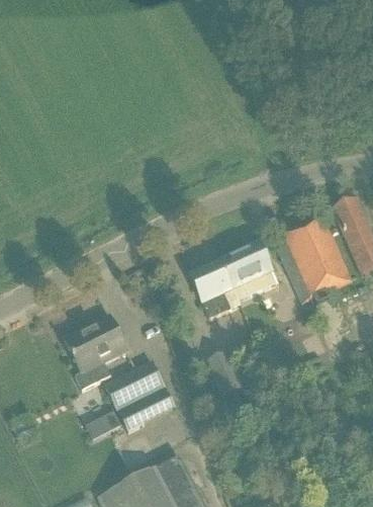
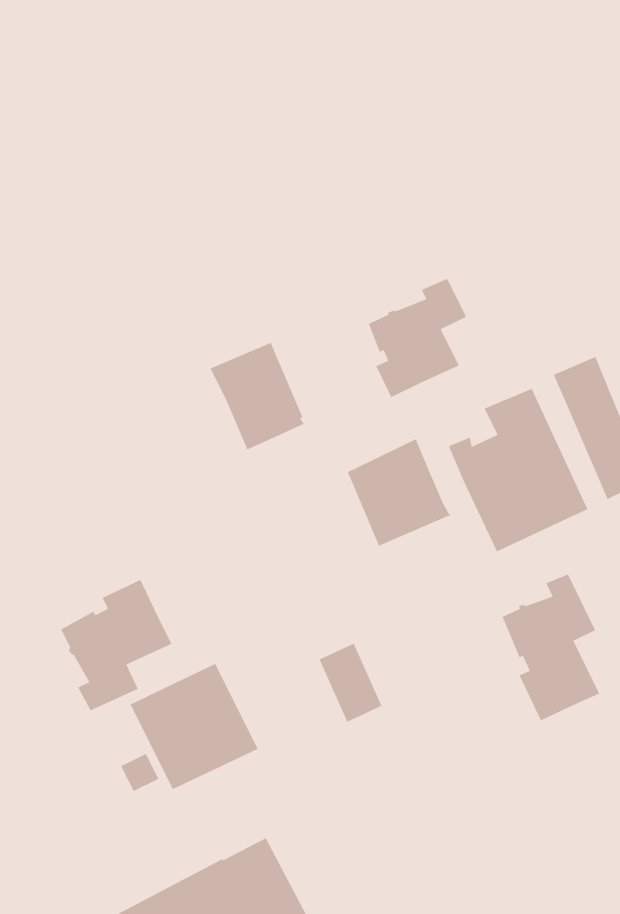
building: none -> [368,278,467,398]
building: [187,259,239,318] -> [209,342,305,451]
building: none -> [502,573,600,722]

